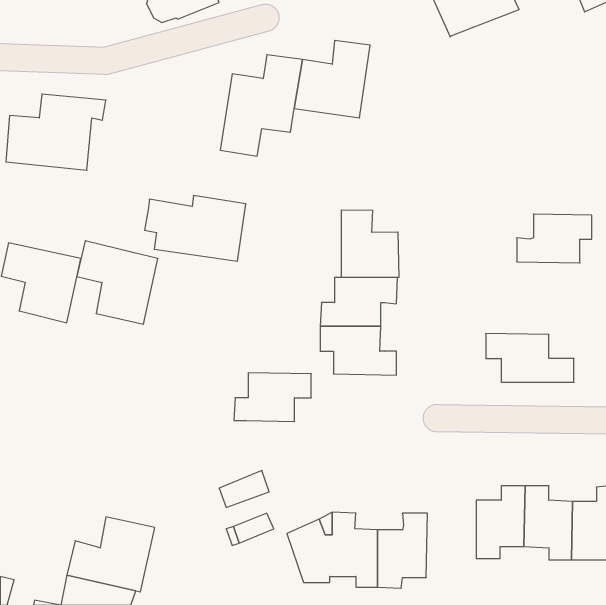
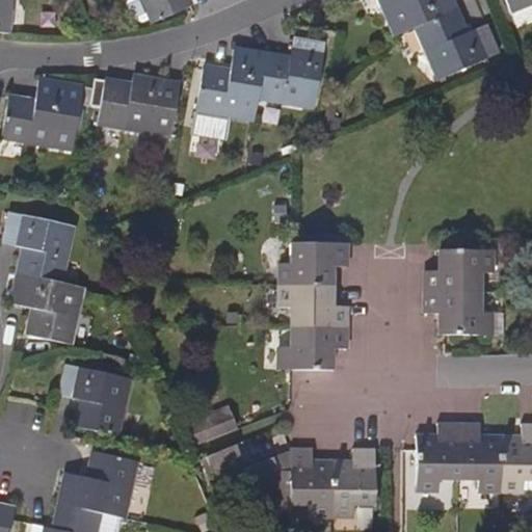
building: none -> [415,8,496,77]
building: [145,196,246,261] -> [91,75,180,132]
building: [341,210,399,277] -> none
building: [517,214,592,263] -> [426,249,491,292]
building: [77,241,158,324] -> [11,271,82,344]
building: [234,373,311,422] -> [281,326,348,369]
building: none -> [58,365,129,435]

